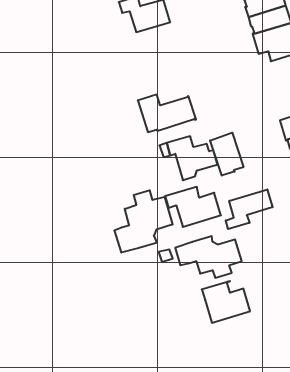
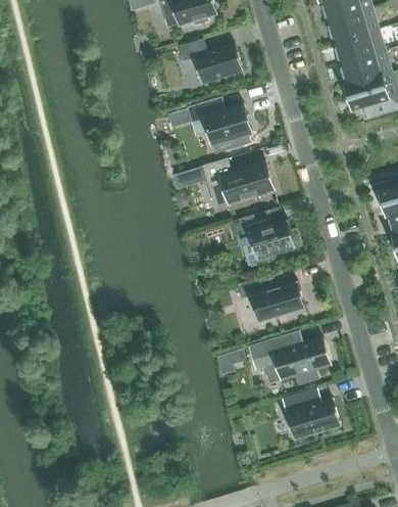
building: none -> [189,99,253,145]
building: [210,133,243,176] -> none
building: [226,189,273,229] -> none
building: [114,190,173,253] -> none

